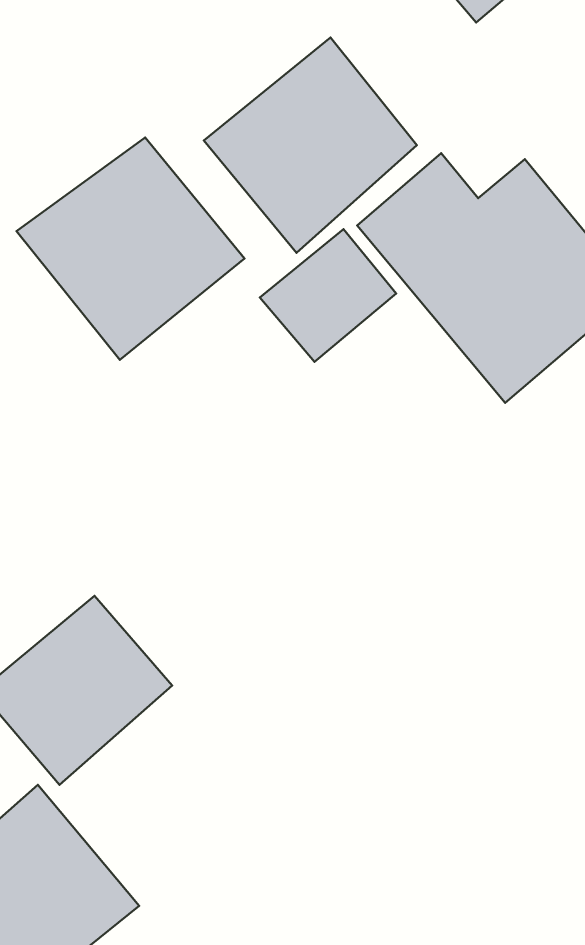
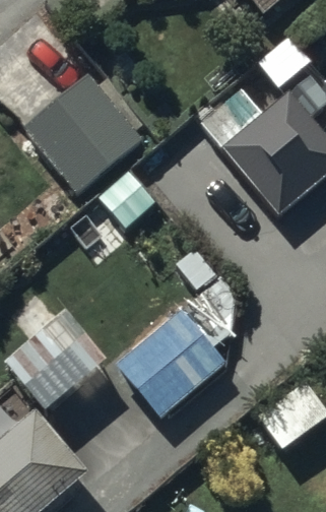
building: [204,38,417,253] -> none
building: none -> [113,306,229,414]

